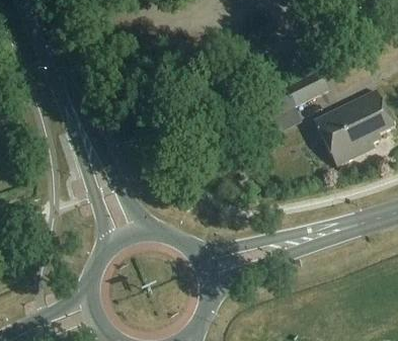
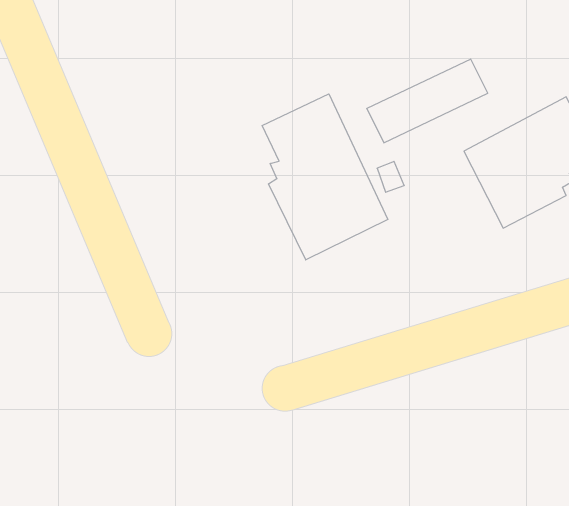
building: none -> [262,94,388,260]

